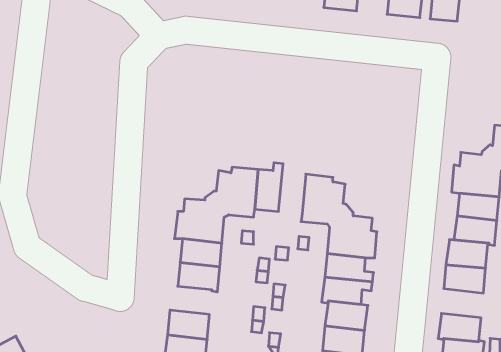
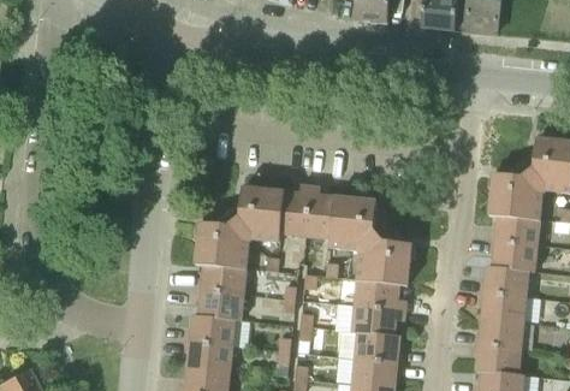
building: none -> [305,185,334,238]
building: none -> [190,314,234,345]
building: none -> [479,318,523,349]

